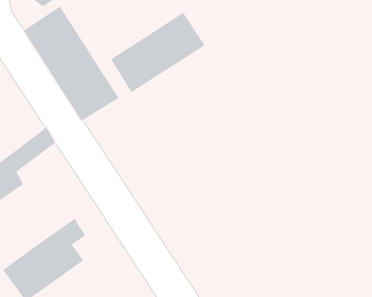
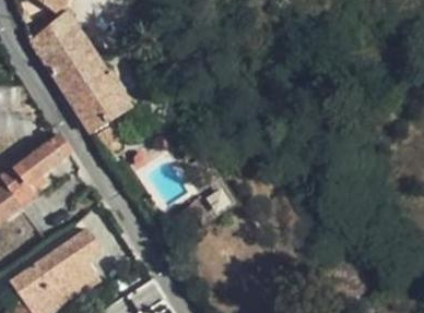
building: [110,12,206,93] -> none

